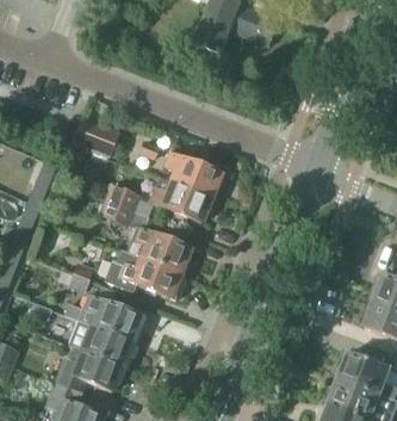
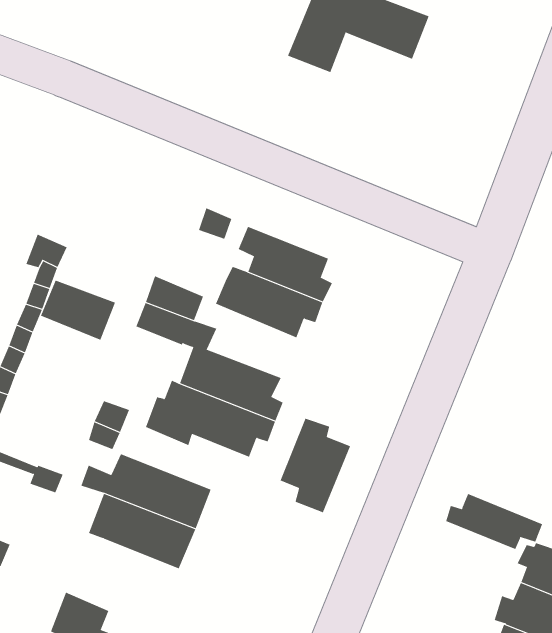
building: [73,118,120,156] -> [40,280,116,341]
building: none -> [280,418,351,513]
building: none -> [445,493,543,550]
building: [55,348,126,394] -> none

